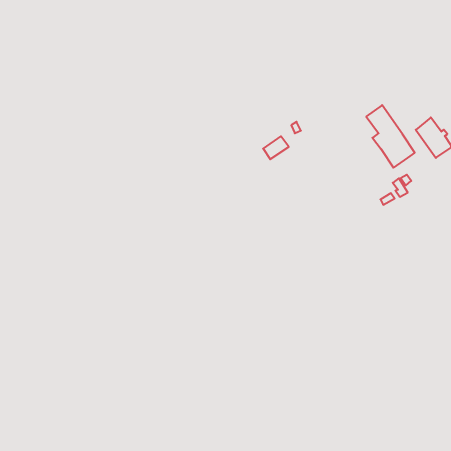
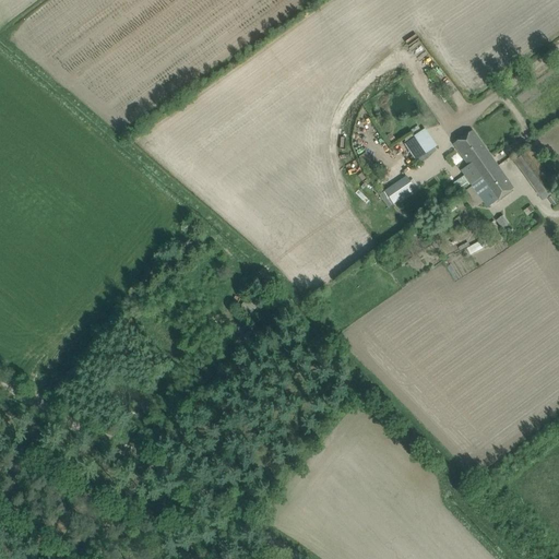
building: none -> [405,129,437,158]
building: [263,136,289,159] -> [384,175,416,203]

